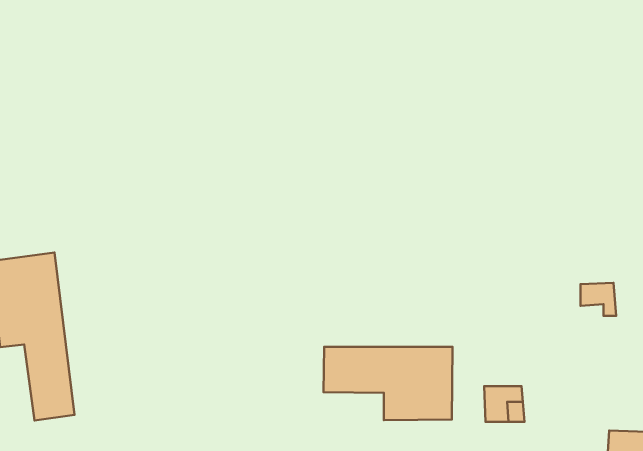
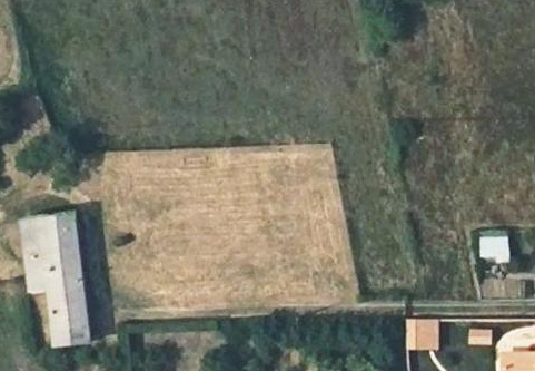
building: [324,347,452,420] -> none

